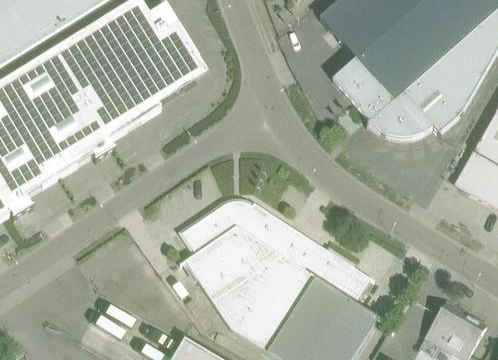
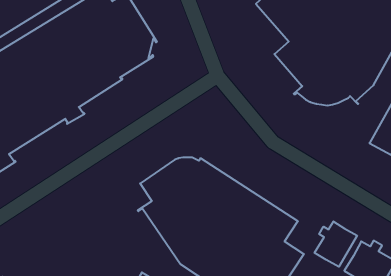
building: none -> [315,221,357,267]

